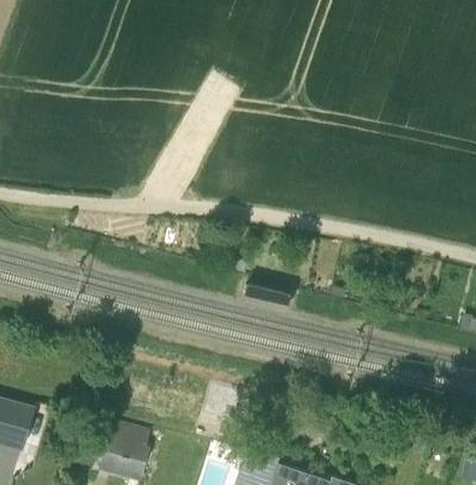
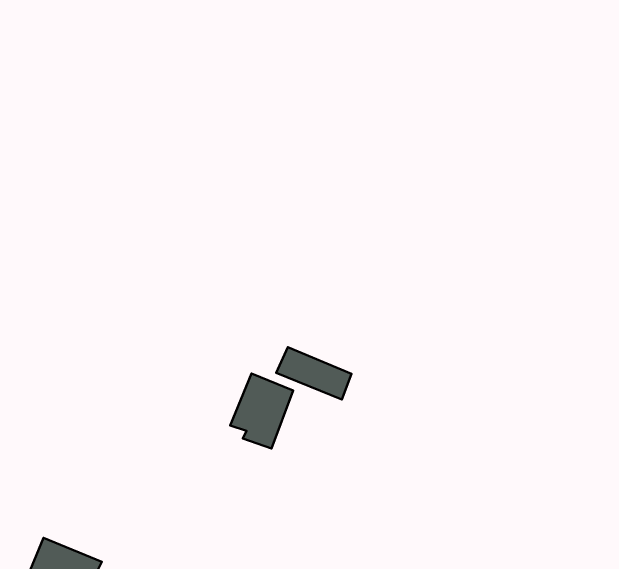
building: none -> [230,374,293,449]

